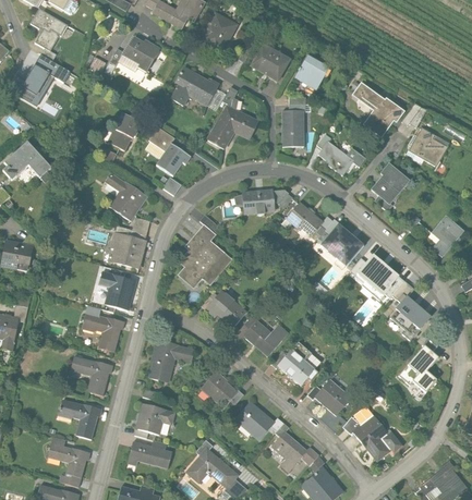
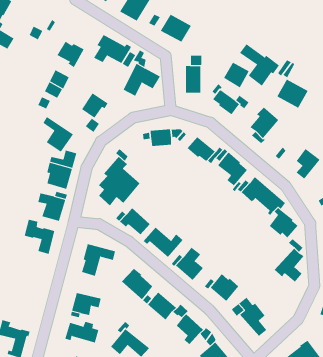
building: [122,38,158,73] -> [57,41,84,68]
building: [300,54,334,88] -> [223,62,249,88]
building: [69,358,110,397] -> none
building: [57,401,99,440] -> none

